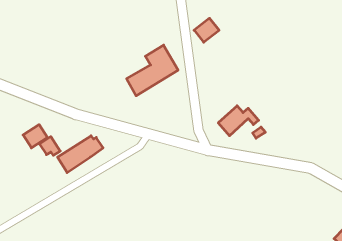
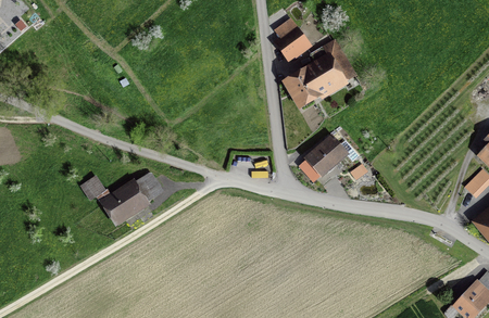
building: [127,45,178,96] -> [287,40,352,104]
building: [23,125,47,148] -> none

